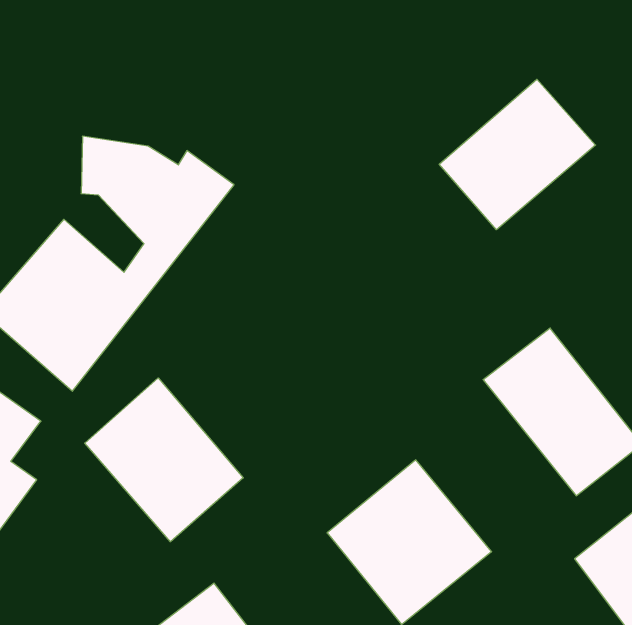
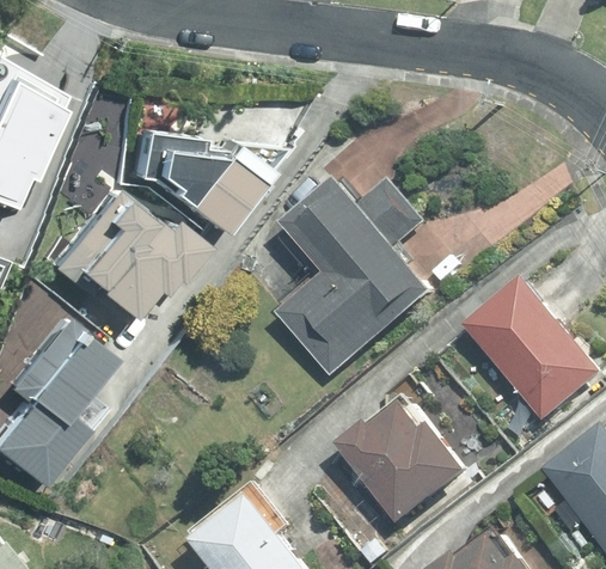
building: [439,79,596,230] -> none
building: none -> [273,177,441,385]
building: [85,378,243,542] -> none

